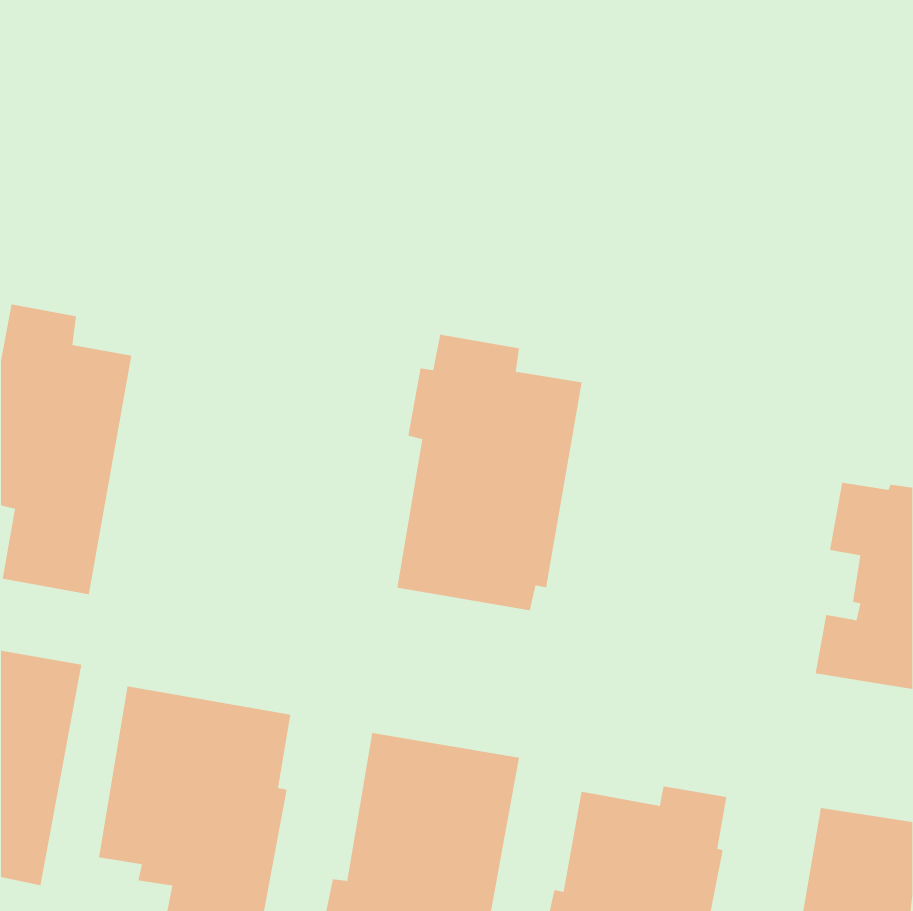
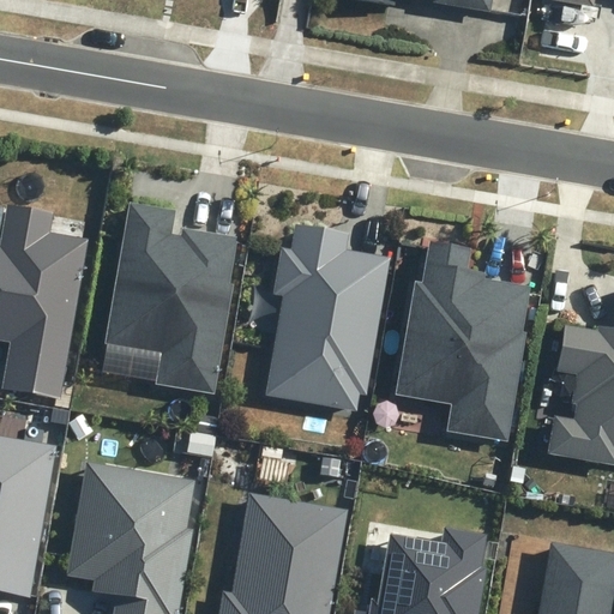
building: none -> [103,200,237,395]
building: none -> [395,240,532,444]

